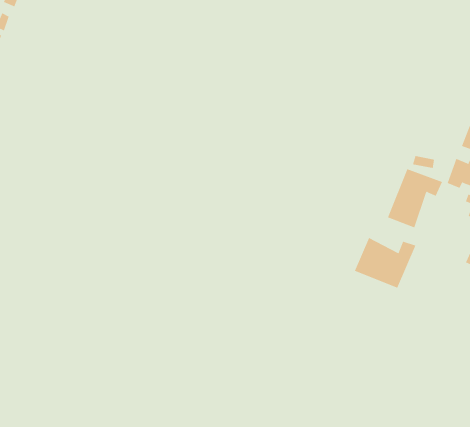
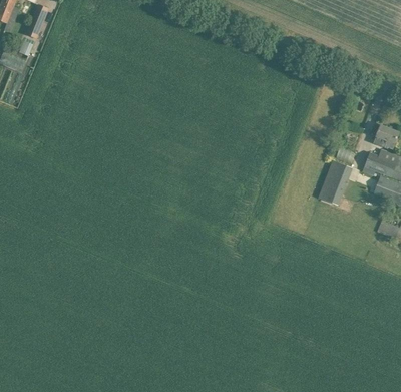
building: [354,237,416,289] -> none

